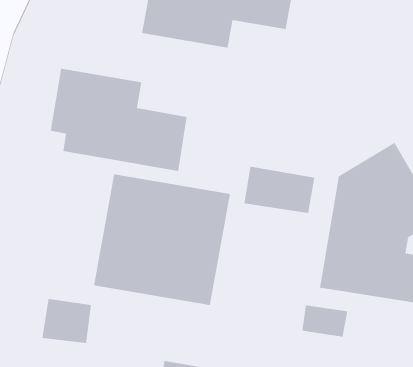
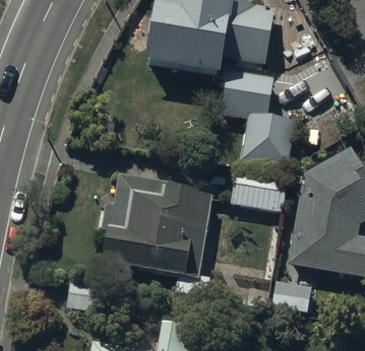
building: none -> [222,71,292,164]
building: [50,68,188,172] -> none

